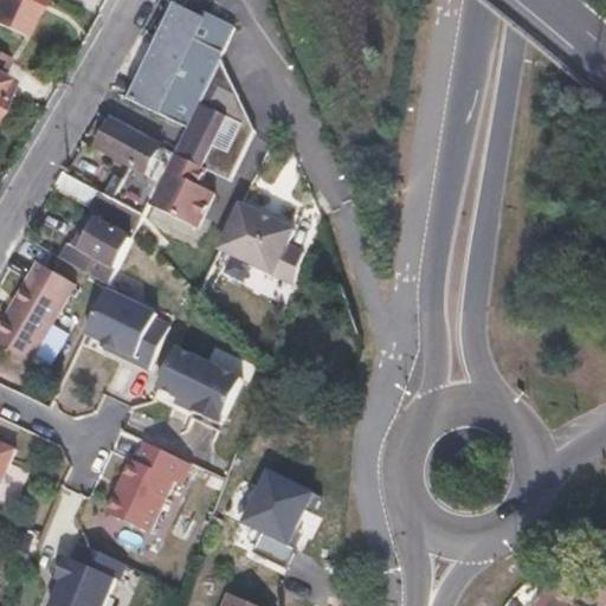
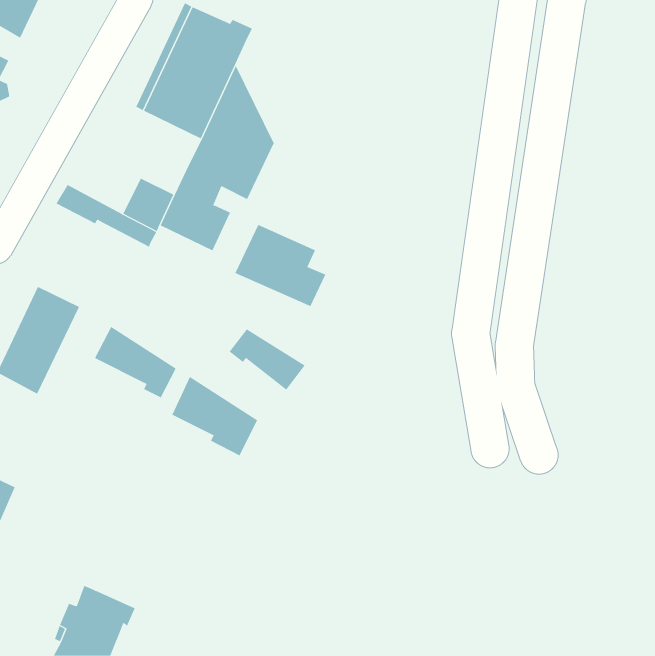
building: [95,120,173,179] -> none
building: [75,220,133,284] -> none
building: none -> [229,328,306,391]
building: [105,437,191,528] -> none
building: [237,466,309,542] -> none

